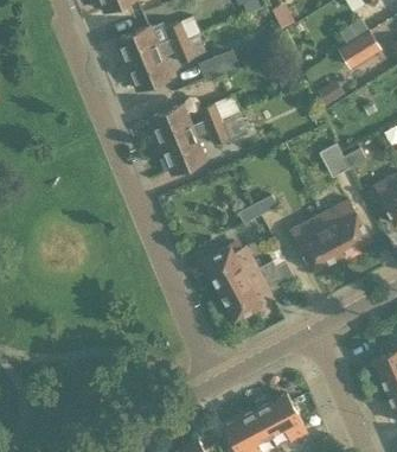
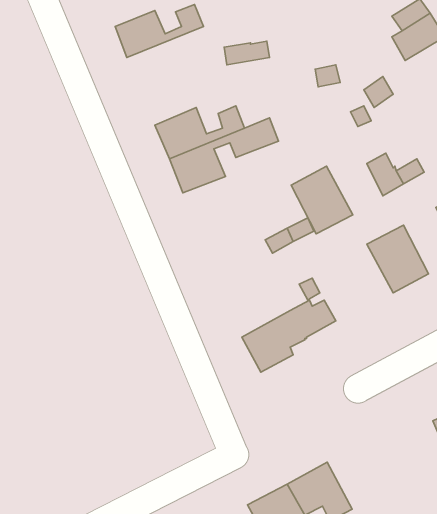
building: [127,37,207,91] -> none
building: [292,217,341,272] -> [291,166,353,234]
building: [204,248,258,292] -> none

